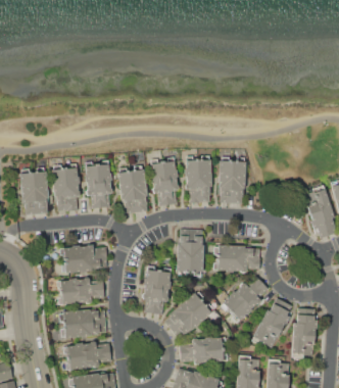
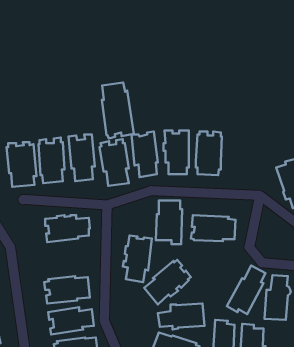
building: none -> [102,82,134,138]
building: [220,276,268,323] -> none
building: [56,280,104,305] -> none

